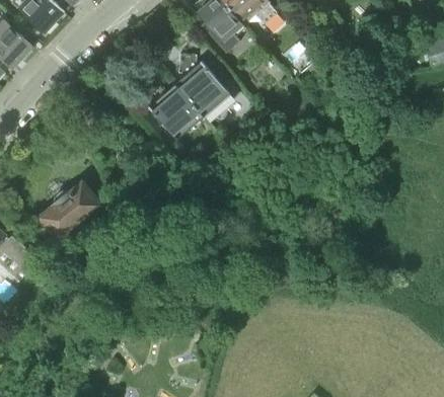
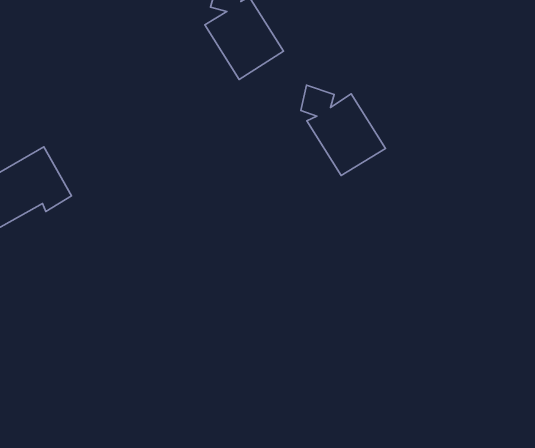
building: [142,83,202,139] -> [301,85,386,175]

